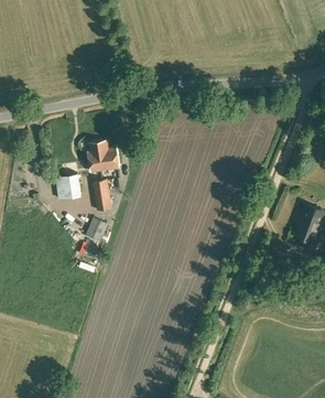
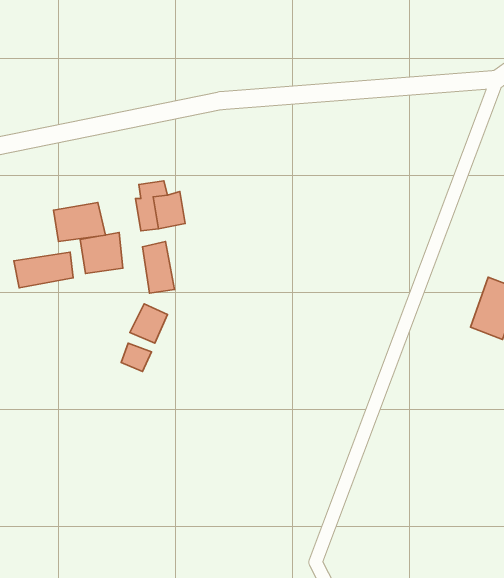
building: none -> [54,203,106,242]
building: none -> [14,252,73,288]

